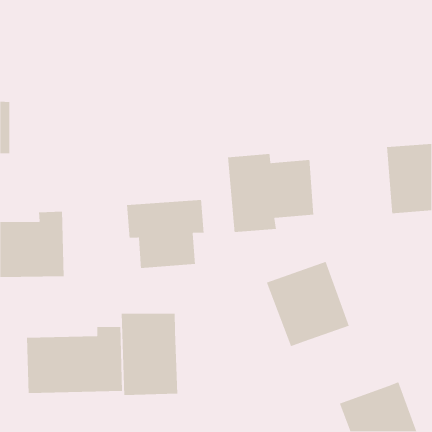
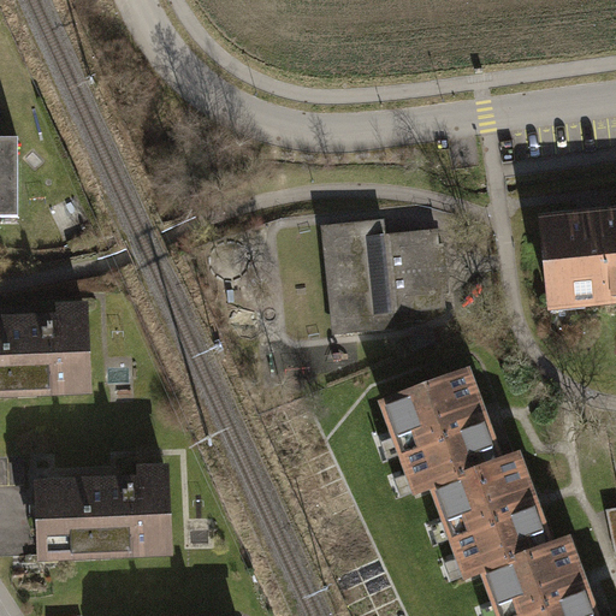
building: [126,199,205,269] -> none
building: [121,313,178,396] -> none
building: none -> [432,455,551,578]

